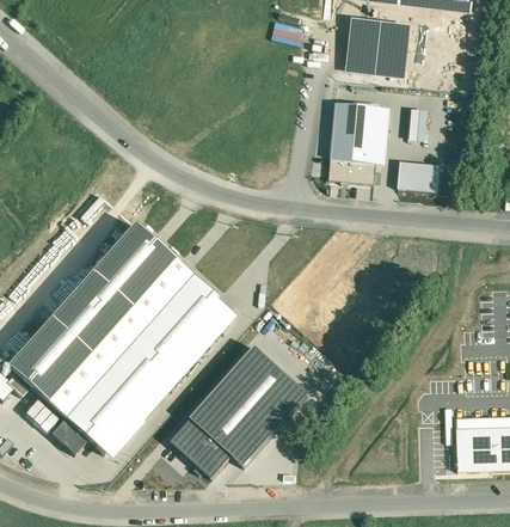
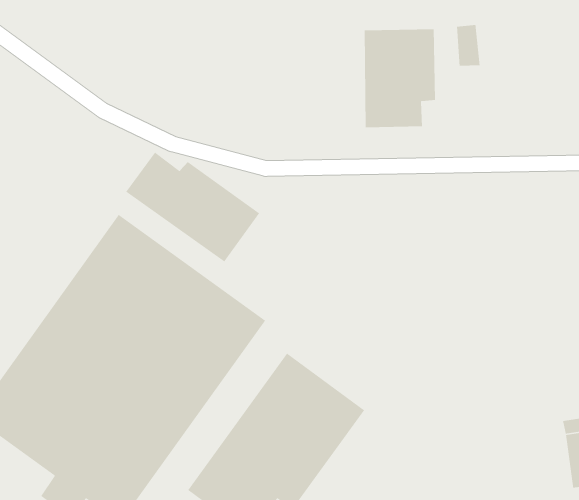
building: [397,159,440,190] -> none
building: none -> [125,152,260,263]

